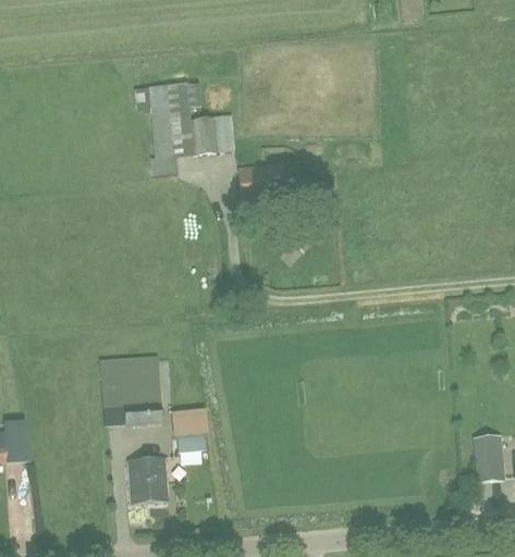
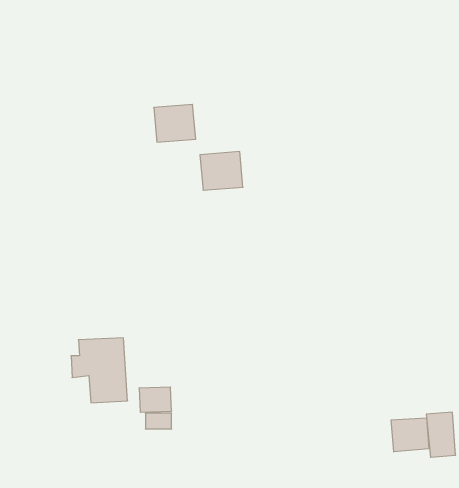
building: [148,83,191,176] -> none
building: none -> [391,418,429,452]
building: [126,457,167,503] -> none

